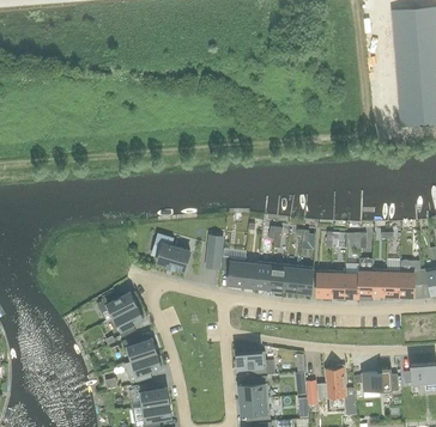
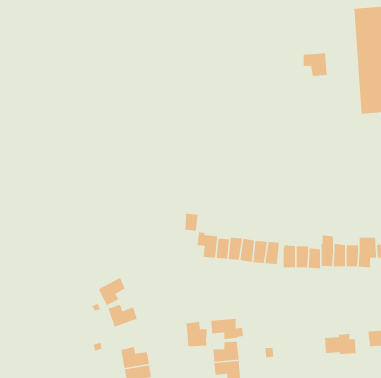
building: none -> [303,53,328,77]
building: [155,236,188,270] -> none
building: [99,292,135,319] -> none
building: [123,353,159,383] -> none
building: none -> [185,321,208,347]
building: [315,366,345,398] -> none

